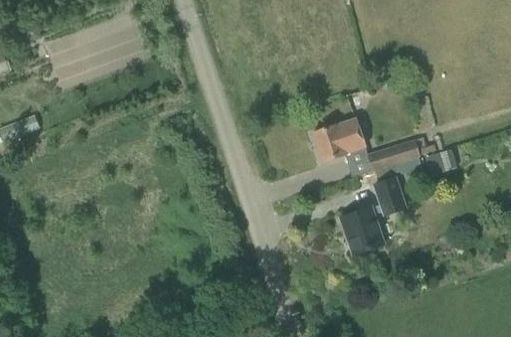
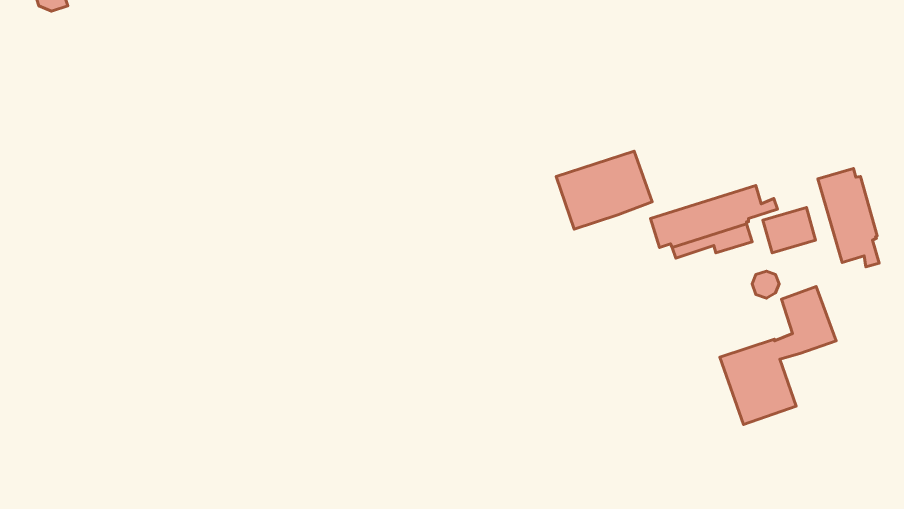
building: none -> [818,169,879,267]
building: [340,177,404,254] -> [720,286,836,424]

